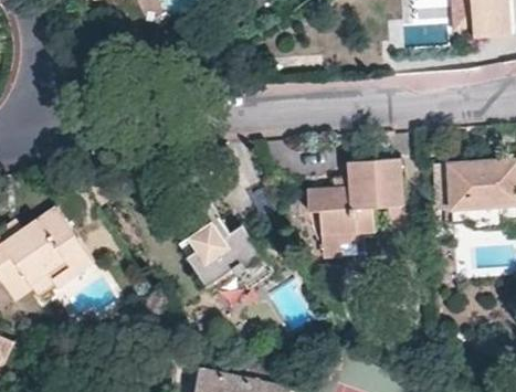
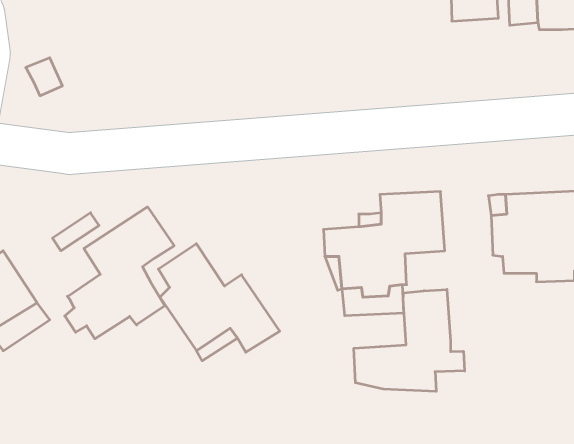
building: none -> [65,207,174,339]
building: none -> [354,289,465,391]

